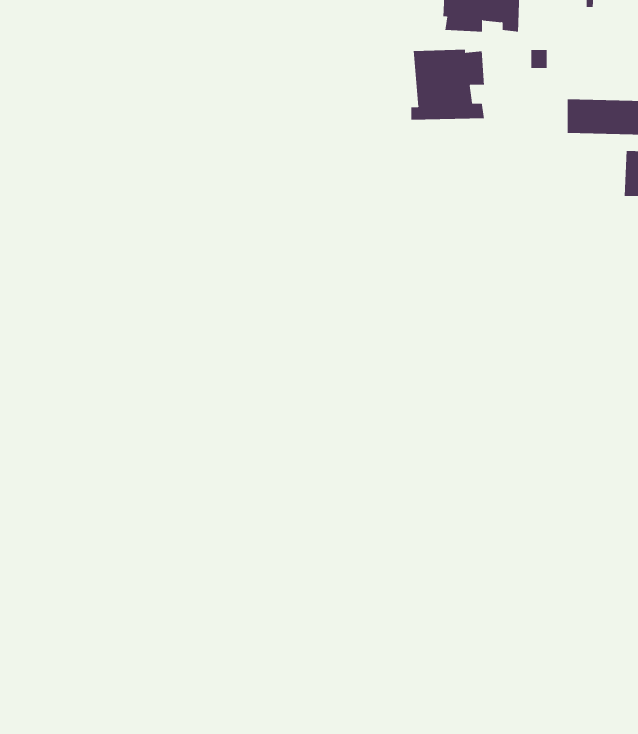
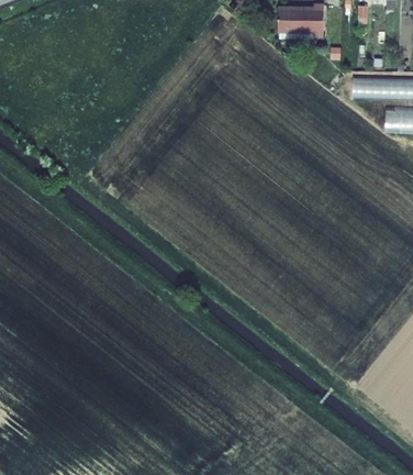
building: [411,49,485,120] -> none

